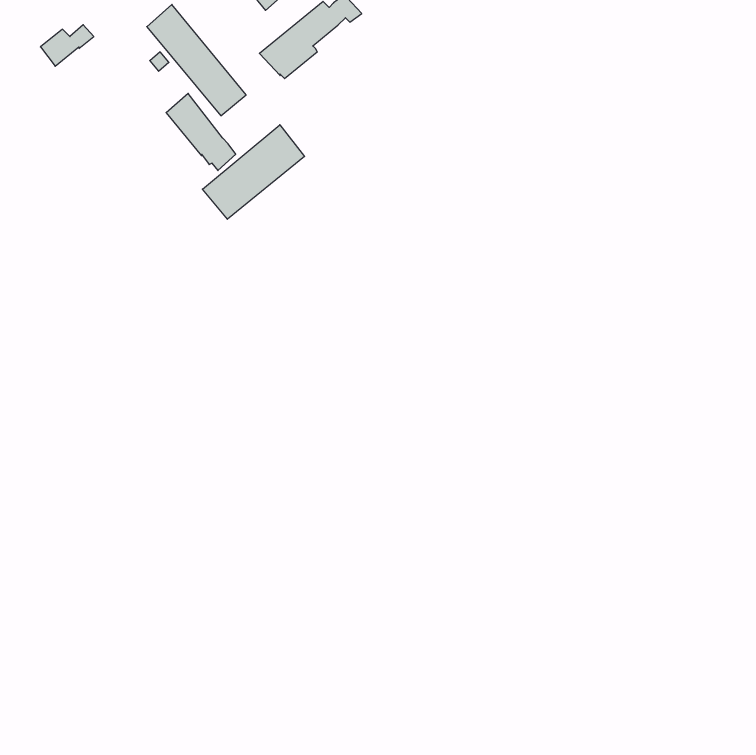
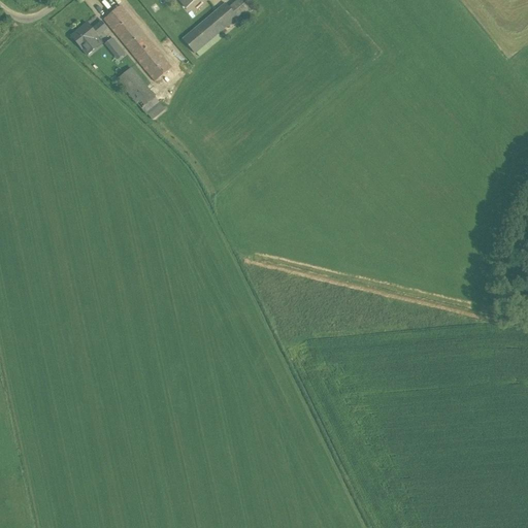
building: [40,25,94,66] -> [70,19,107,47]
building: [202,125,305,219] -> none

